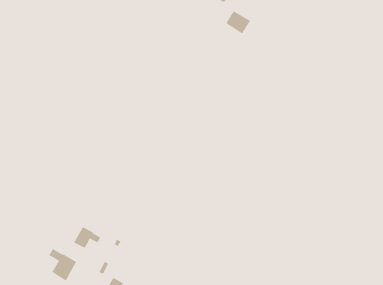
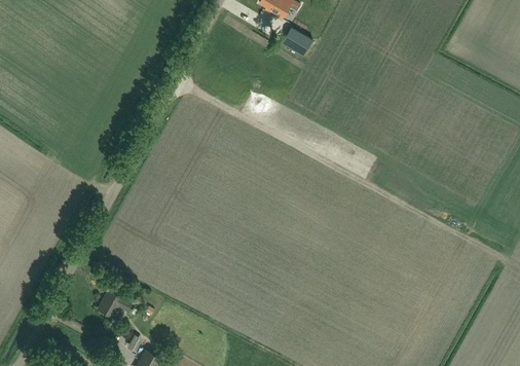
building: [49,248,77,281] -> none

